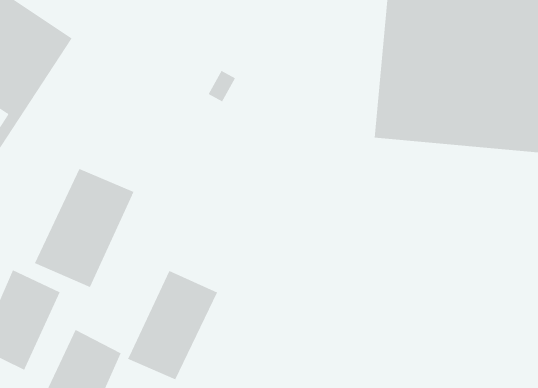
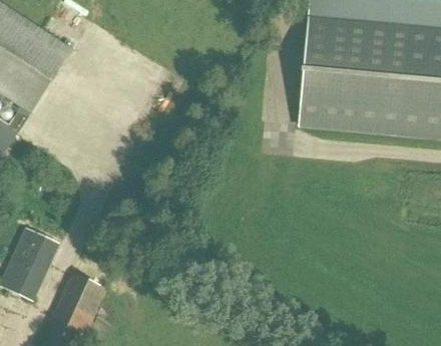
building: [34,168,134,288] -> none
building: [127,270,218,380] -> none

